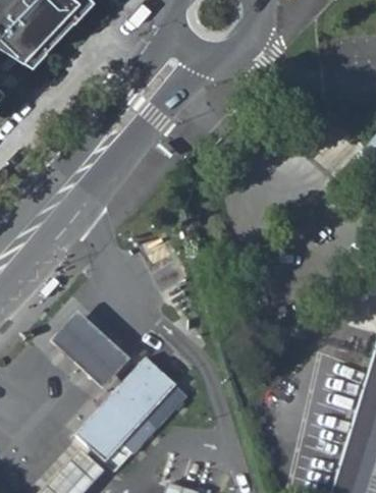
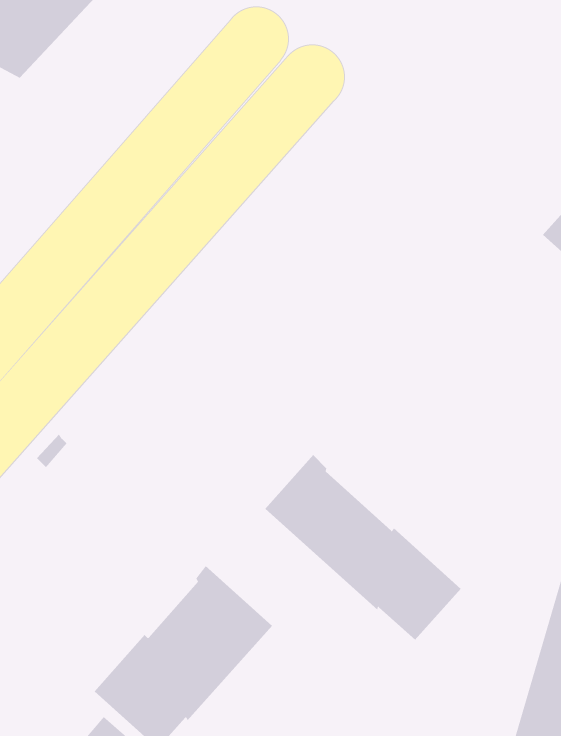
building: none -> [265,454,462,641]
building: [54,314,135,392] -> none

